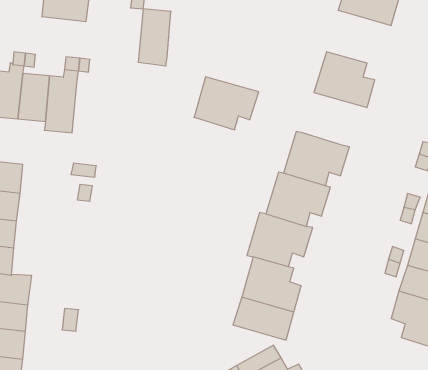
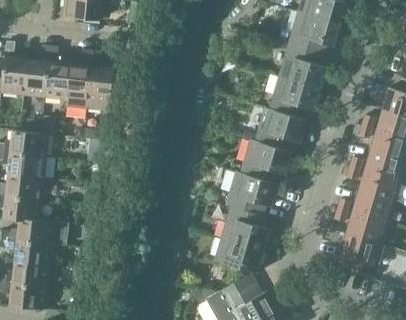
building: [138,9,171,66] -> [87,67,113,112]
building: none -> [288,12,339,54]
building: [194,77,259,130] -> [269,77,320,119]

